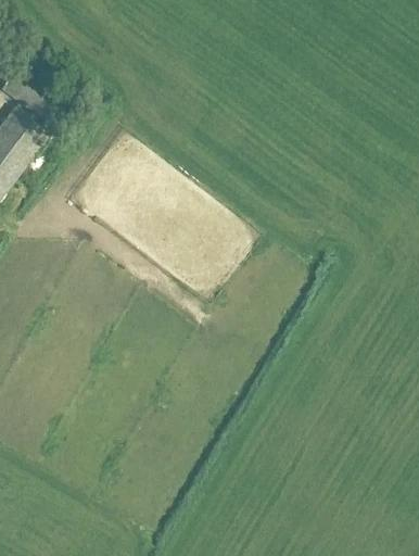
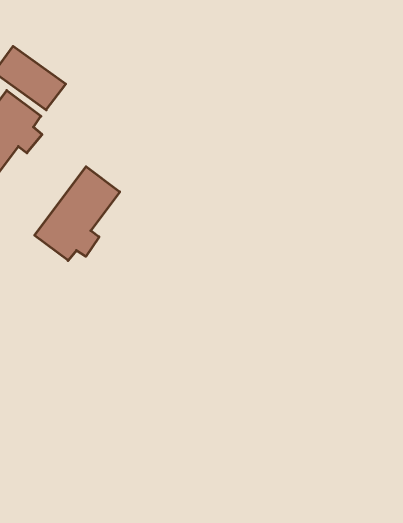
building: none -> [35,167,120,261]

